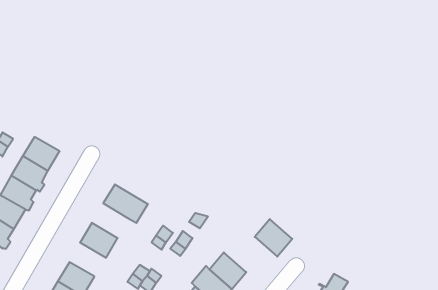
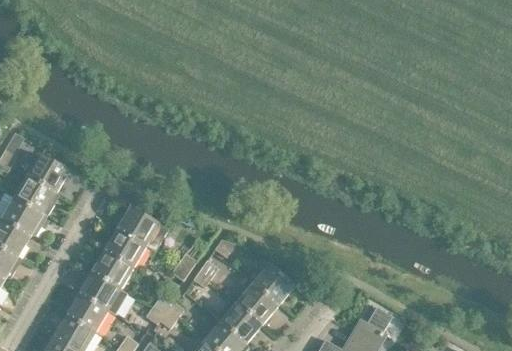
building: none -> [104,229,145,268]
building: [255,219,292,257] -> [252,264,294,306]
building: none -> [79,273,126,315]

